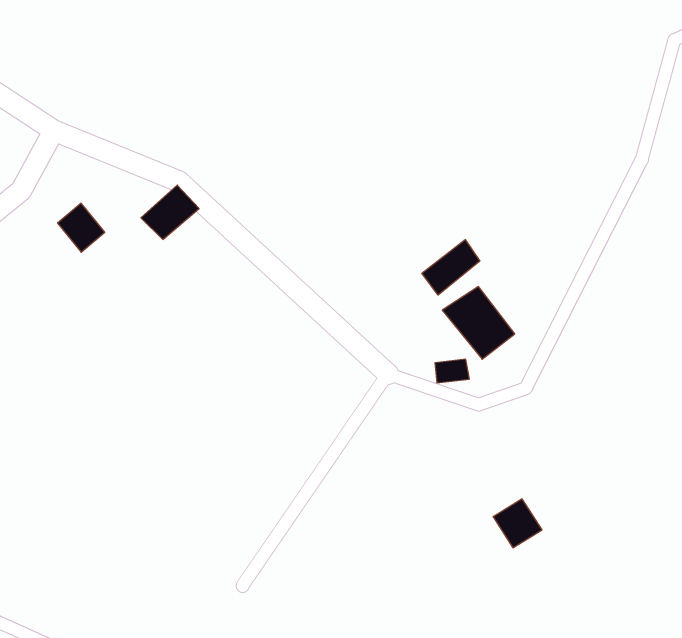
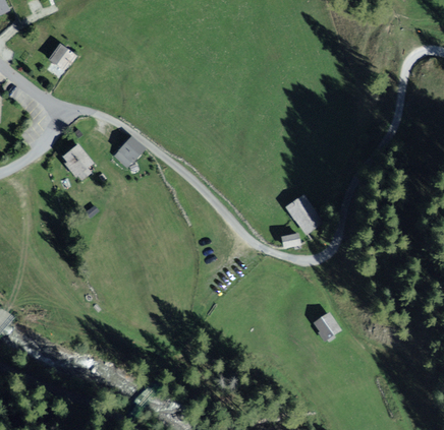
building: none -> [47,43,76,72]
building: [422,240,480,295] -> none

